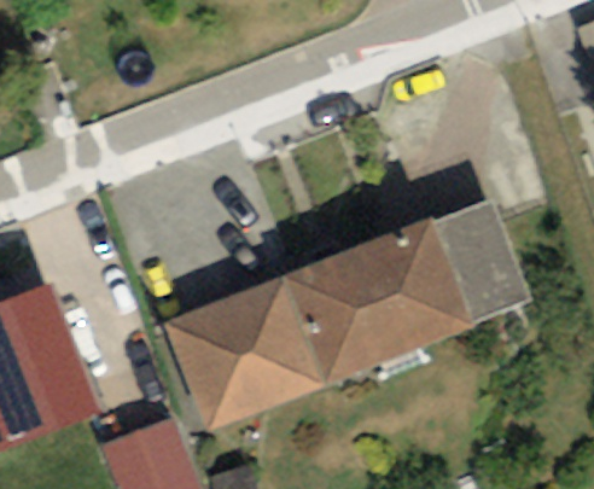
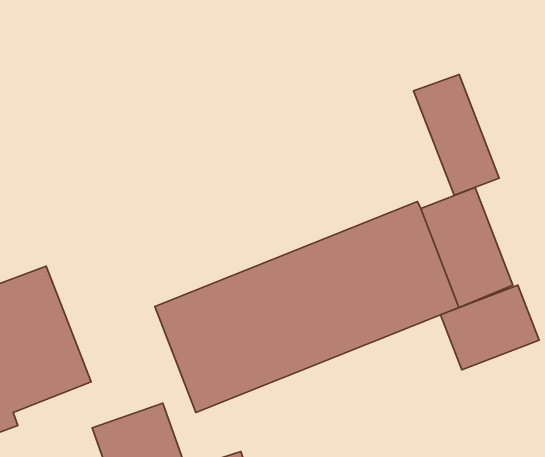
building: none -> [414,75,499,195]
building: none -> [440,285,539,370]

